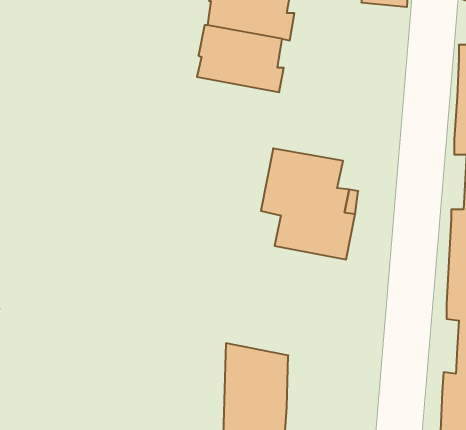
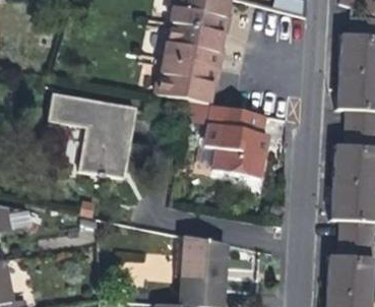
building: none -> [158,56,221,102]
building: none -> [50,93,136,176]

